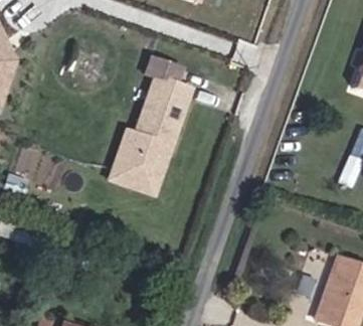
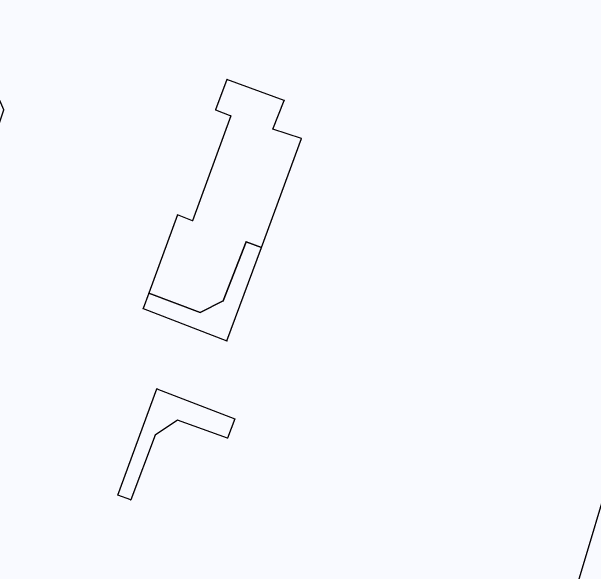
building: none -> [118,389,235,500]

